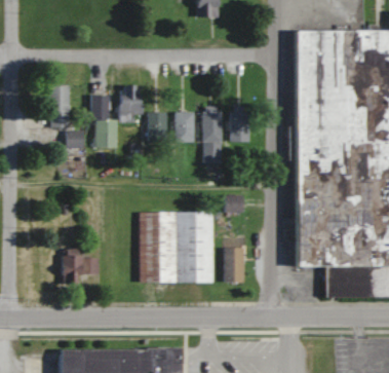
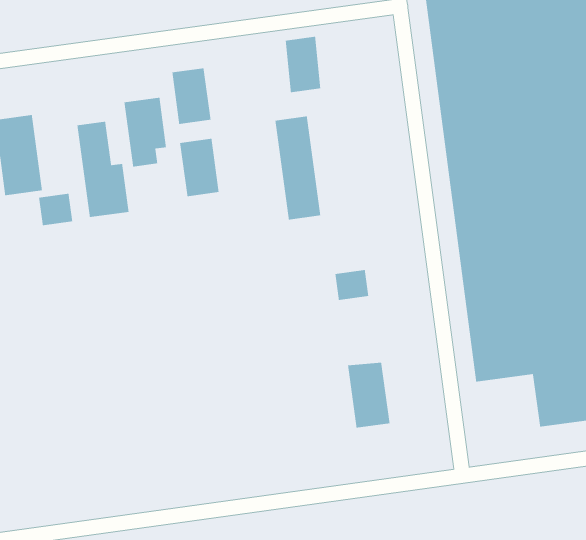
building: [176,112,194,142] -> [171,67,211,125]
building: [231,112,249,142] -> [285,36,321,93]
building: [145,212,216,282] -> none
building: [62,256,99,286] -> none

